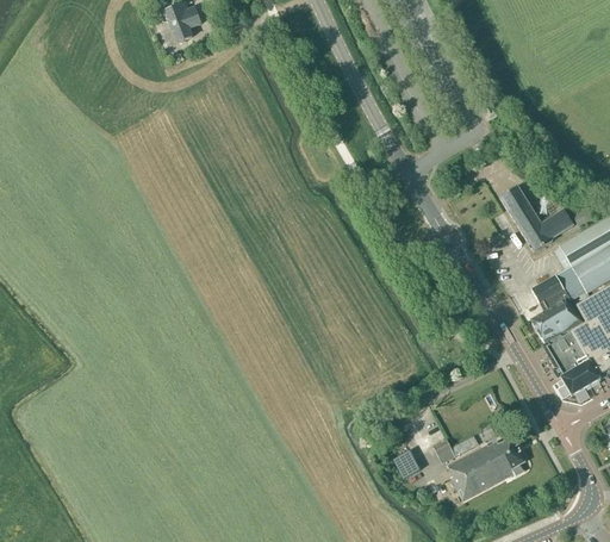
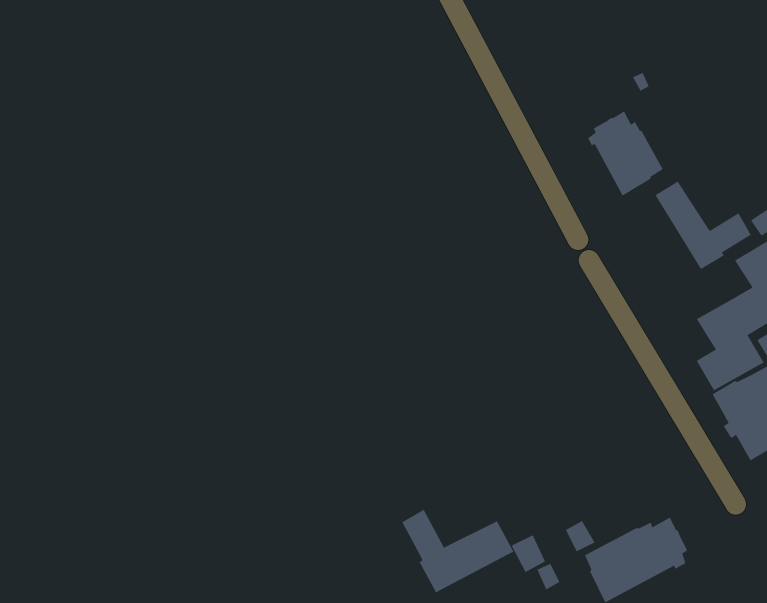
building: none -> [587,111,663,196]
building: none -> [402,509,514,593]

